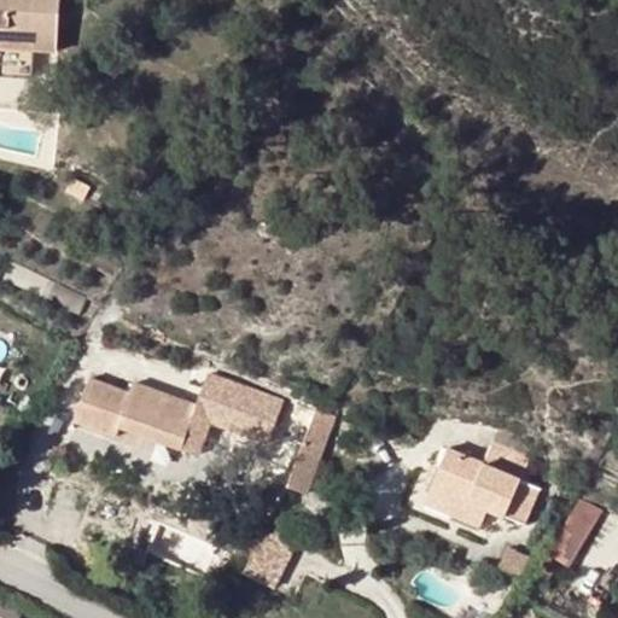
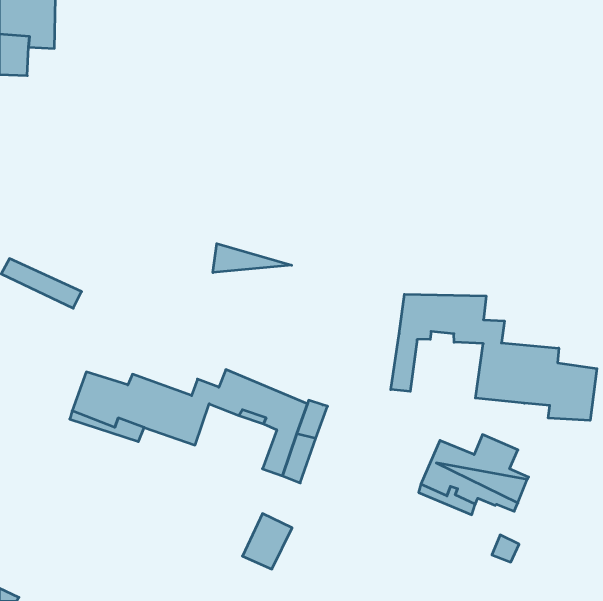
building: none -> [213,244,292,273]
building: none -> [391,294,597,420]
building: [552,491,604,562] -> none

